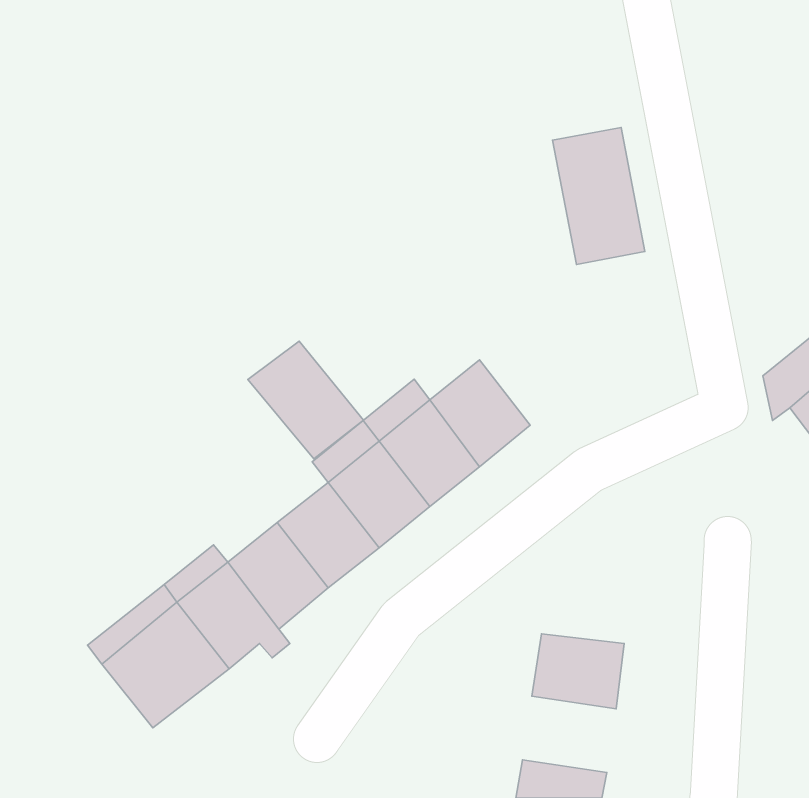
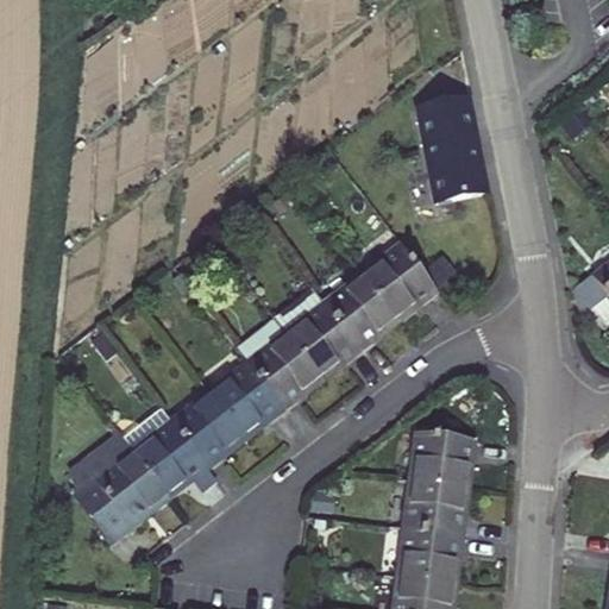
building: none -> [362,238,439,318]
building: [248,341,363,459] -> none
building: none -> [408,425,477,481]
building: none -> [394,520,464,577]

